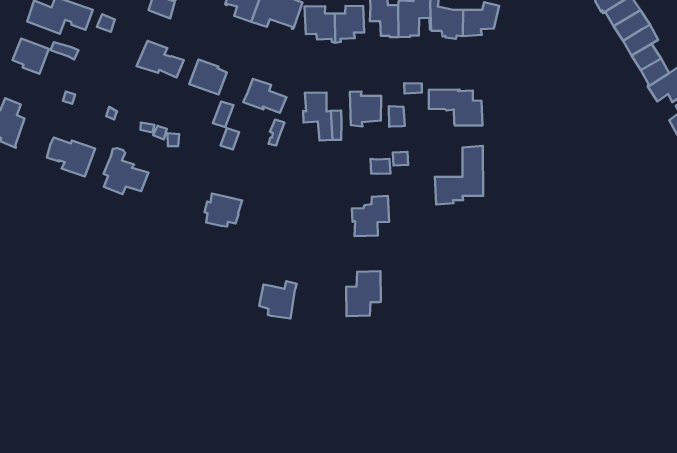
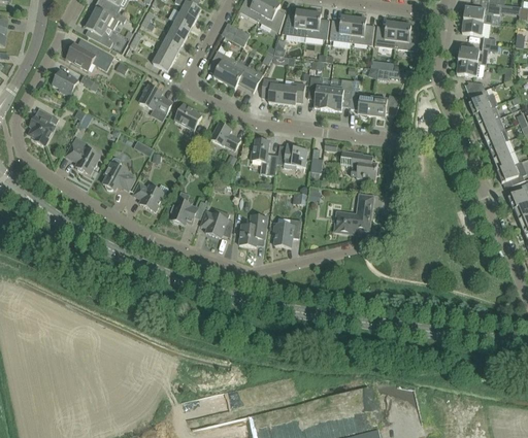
building: none -> [132,182,164,211]
building: [346,271,381,316] -> [238,214,267,246]
building: [259,281,297,319] -> [200,210,229,237]

